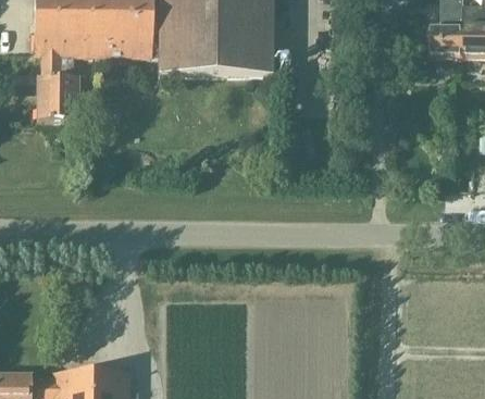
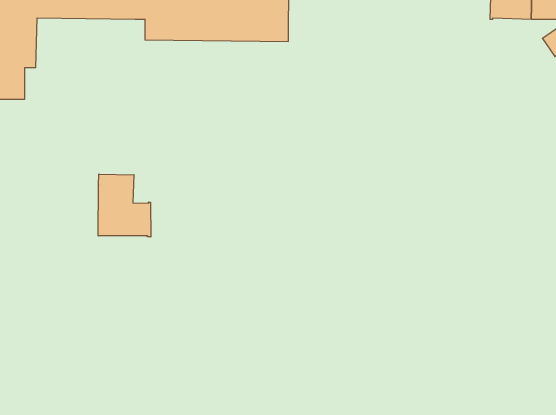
building: none -> [98,174,151,237]

